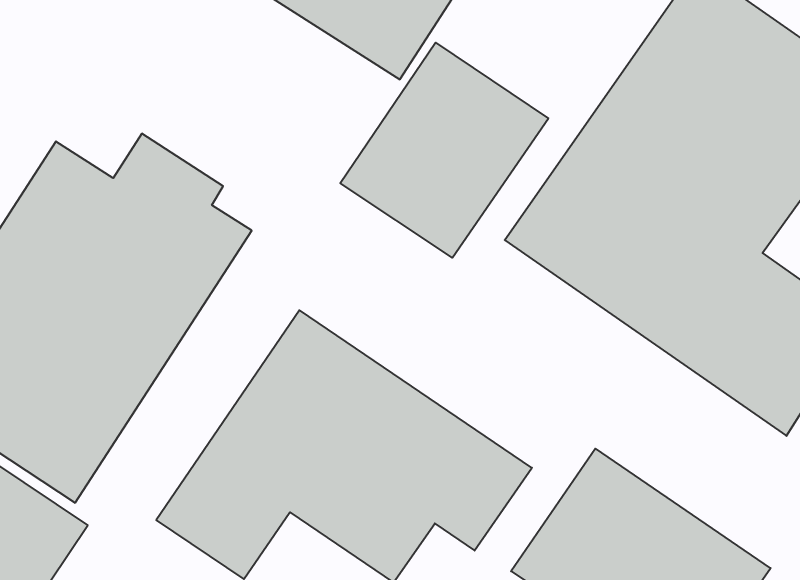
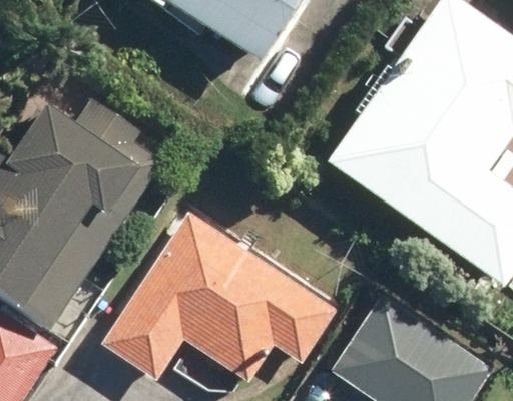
building: [340,43,548,258] -> none

